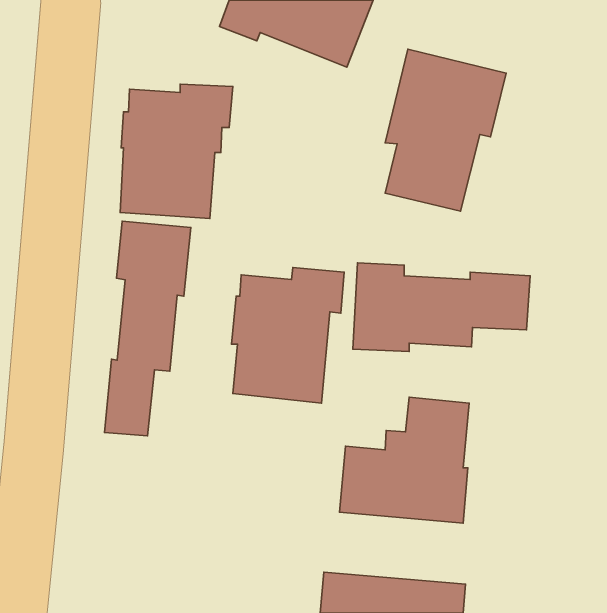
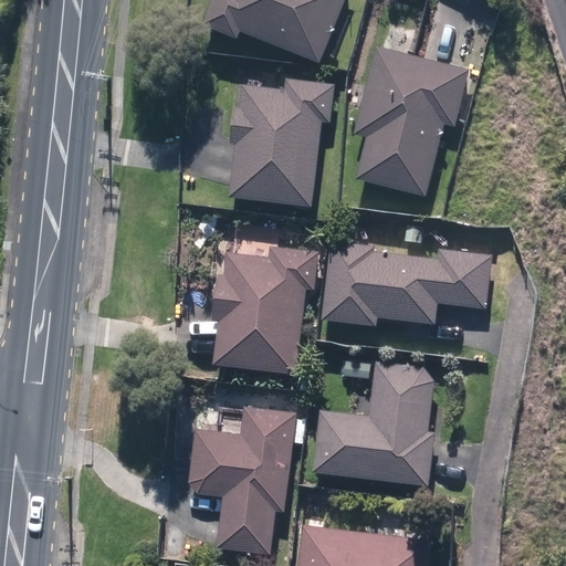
building: [120,84,233,219] -> [229,80,333,203]
building: [105,221,191,436] -> none
building: none -> [189,407,294,552]

